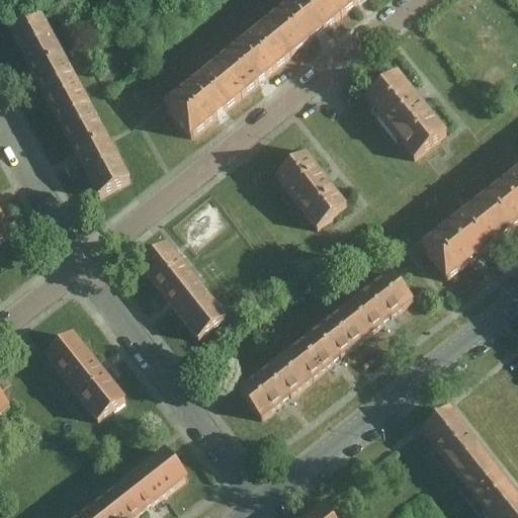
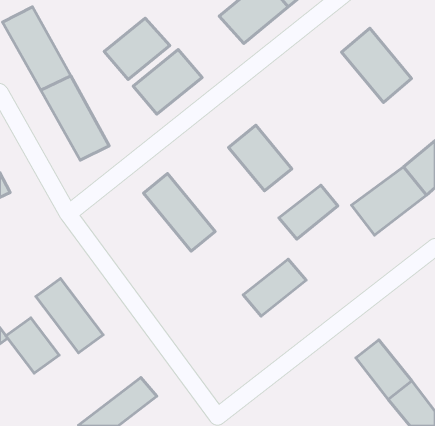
building: [211,19,289,92] -> [104,18,170,80]
building: [363,67,446,155] -> [342,28,411,102]
building: [137,240,222,332] -> [144,173,215,251]
building: [342,269,412,333] -> [279,185,338,239]
building: [238,350,310,415] -> none
building: none -> [6,318,59,373]

